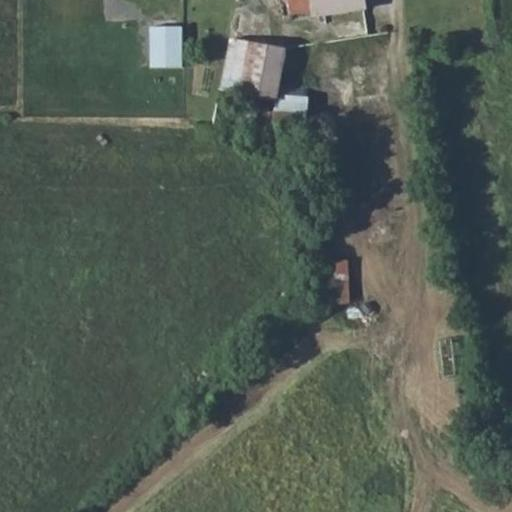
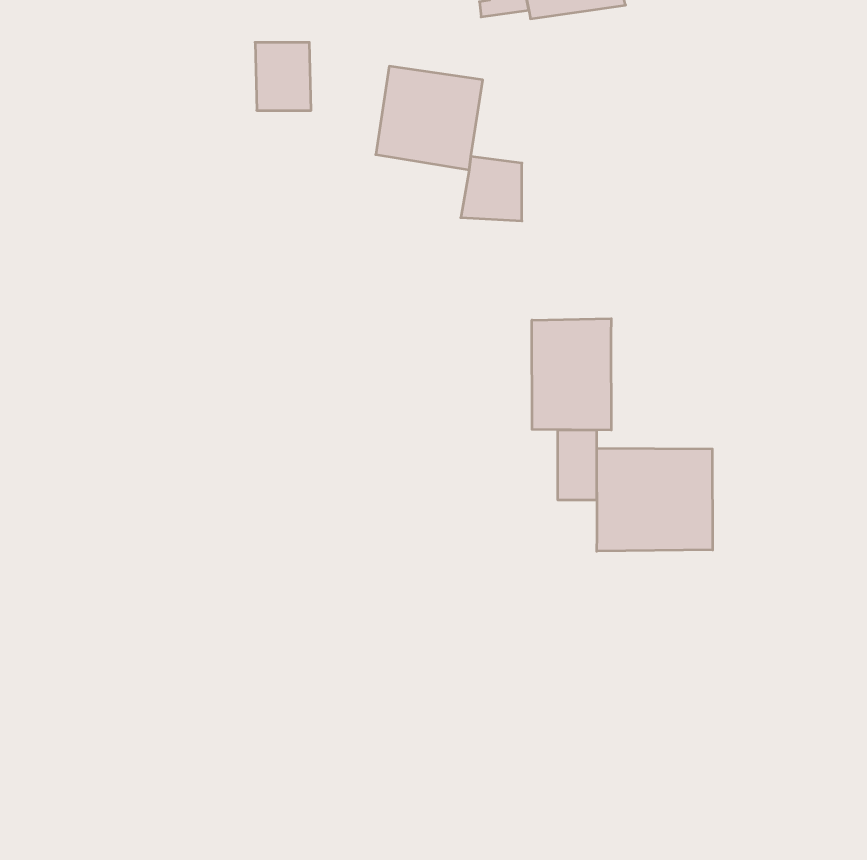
building: none -> [532,319,611,430]
building: none -> [597,448,713,551]

